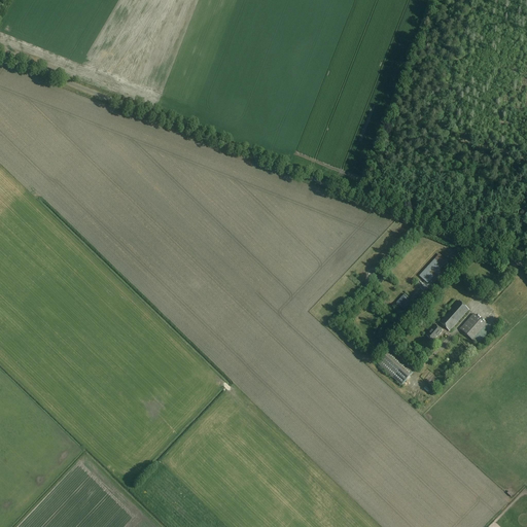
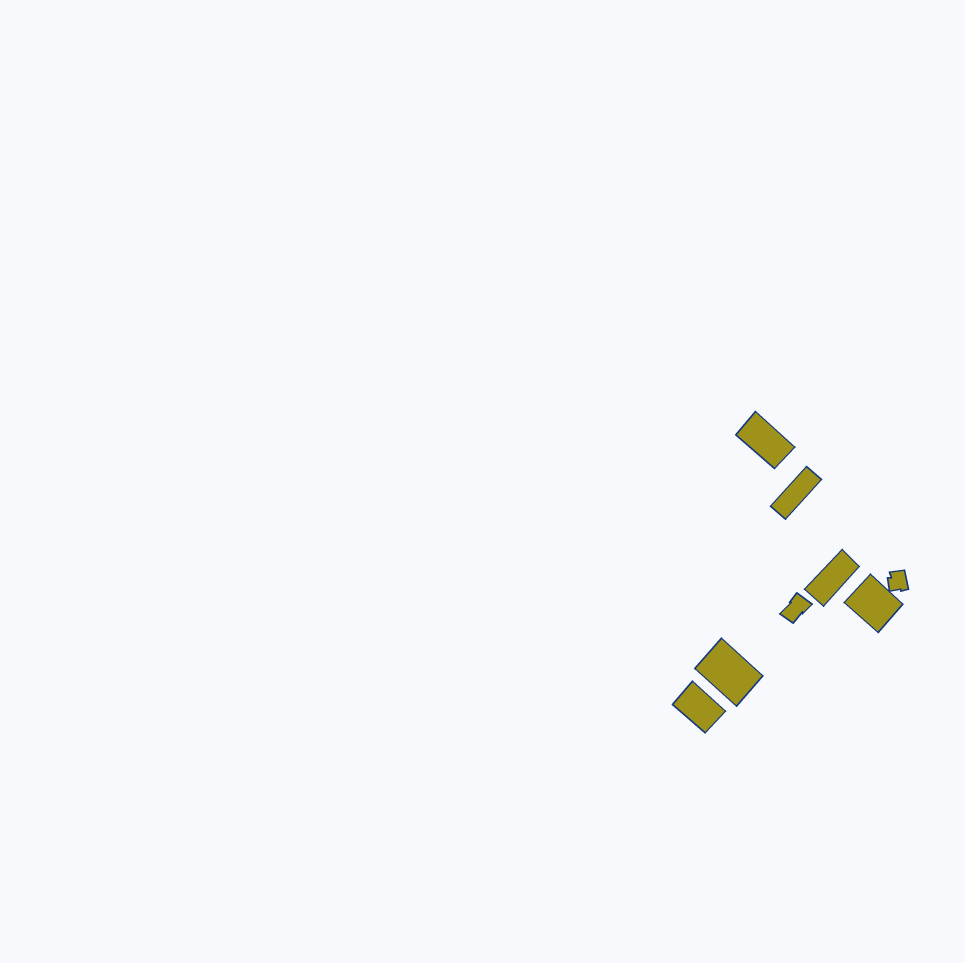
building: none -> [736,411,795,469]
building: none -> [673,681,726,733]

